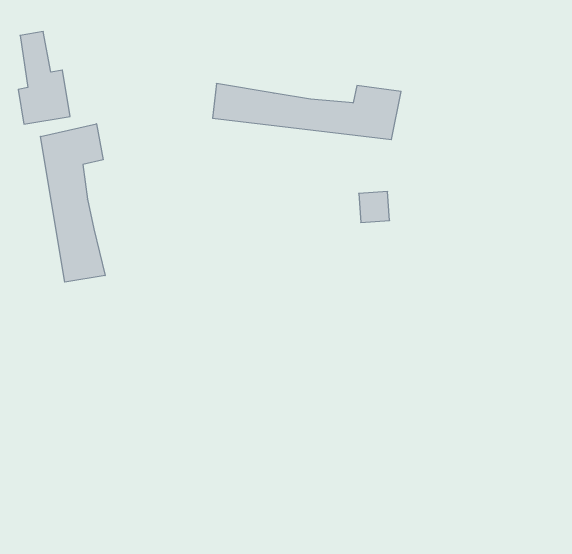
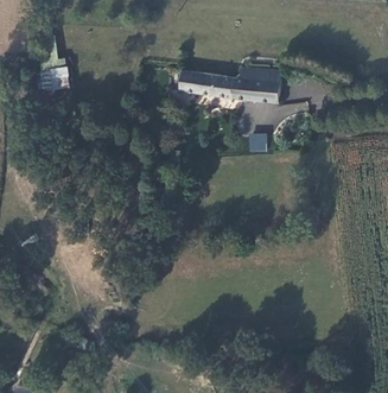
building: [40,124,105,282] -> none

